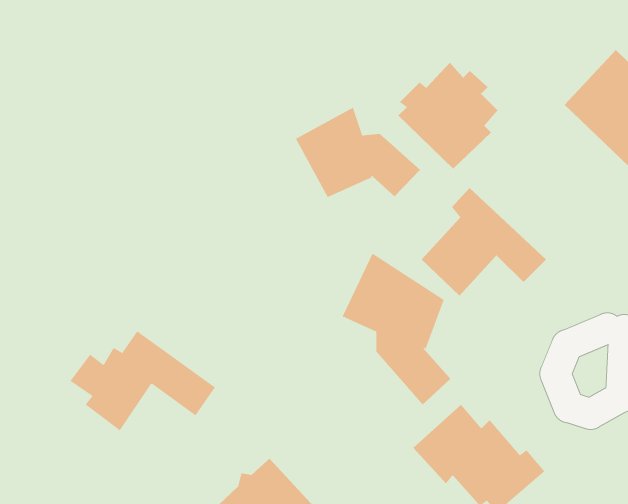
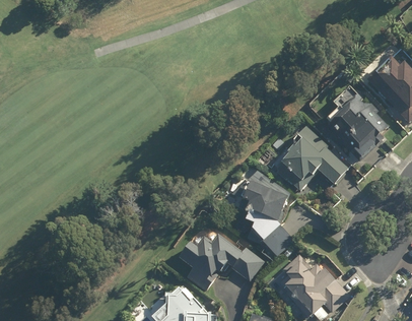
building: [398,62,499,169] -> [326,97,387,162]
building: [295,107,421,198] -> none
building: [70,330,216,431] -> [178,230,266,291]

